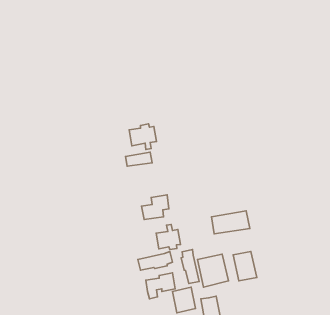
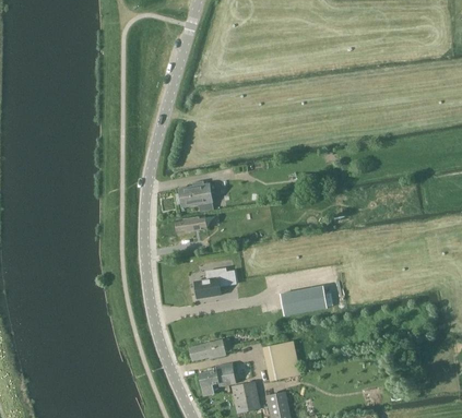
building: [156,224,180,249] -> none
building: [181,250,199,284] -> none
building: [233,252,257,281] -> none

